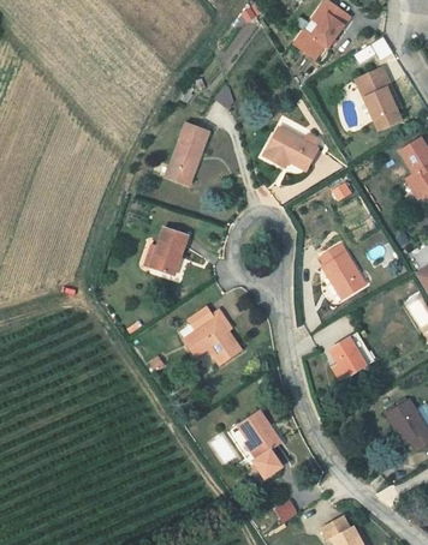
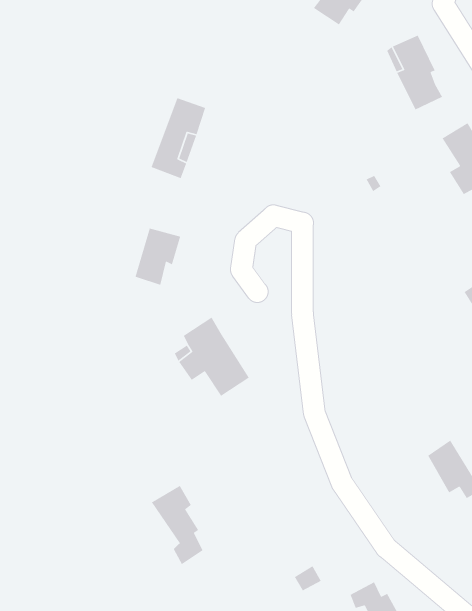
building: [260,121,315,167] -> none
building: [321,240,364,292] -> none
building: [331,335,368,373] -> none
building: [240,406,284,472] -> [151,485,204,565]

